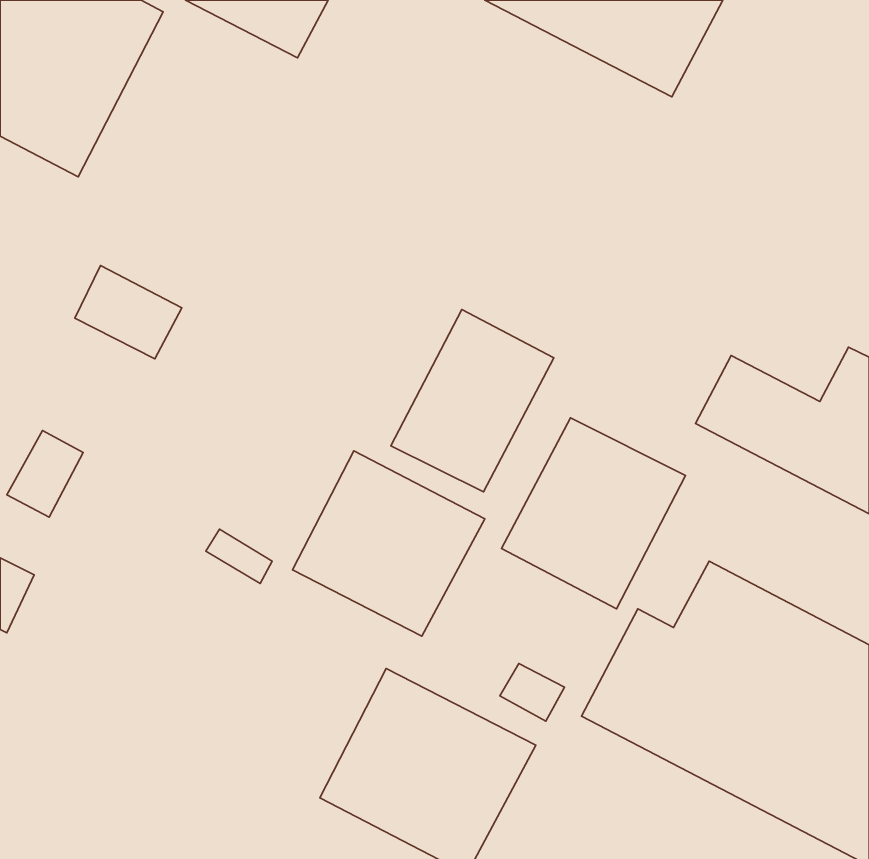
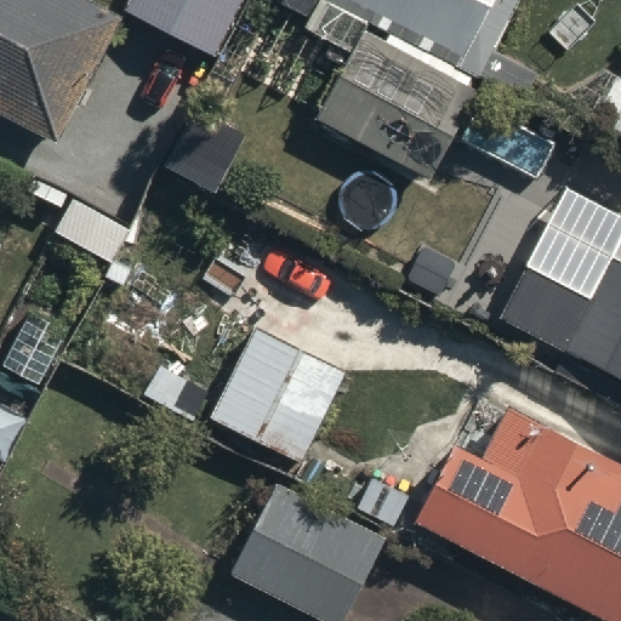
building: none -> [319,34,478,175]
building: [391,309,554,492] -> none
building: [502,418,686,609] -> none

